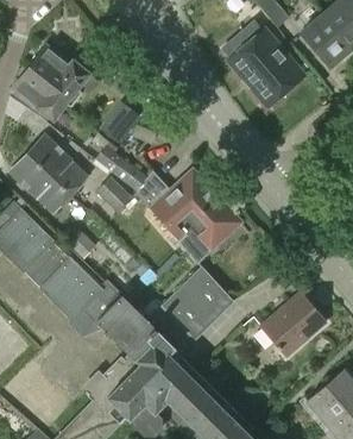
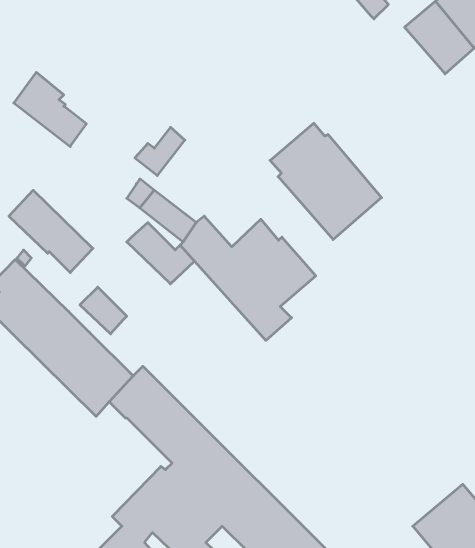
building: [221,21,303,107] -> [270,123,382,240]
building: [29,44,89,106] -> none
building: [26,134,88,195] -> none
building: [160,265,233,338] -> none
building: [260,291,326,356] -> none

